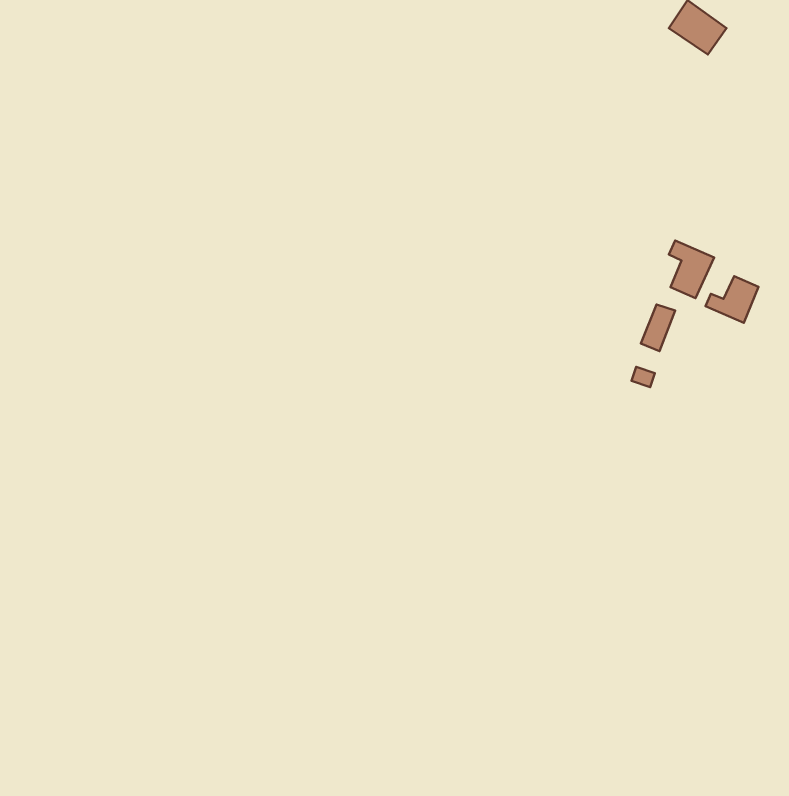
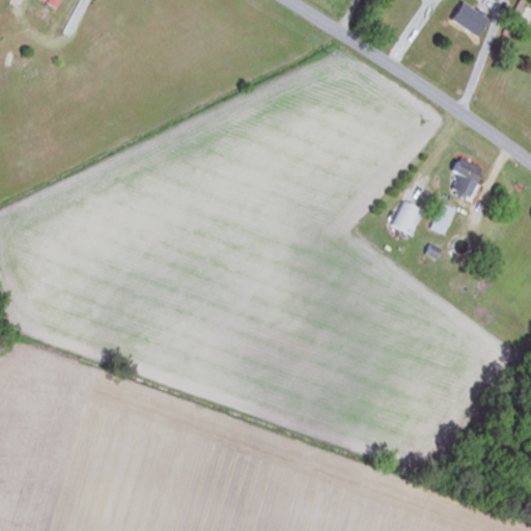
building: [706,276,759,323] -> none
building: none -> [392,200,424,234]

